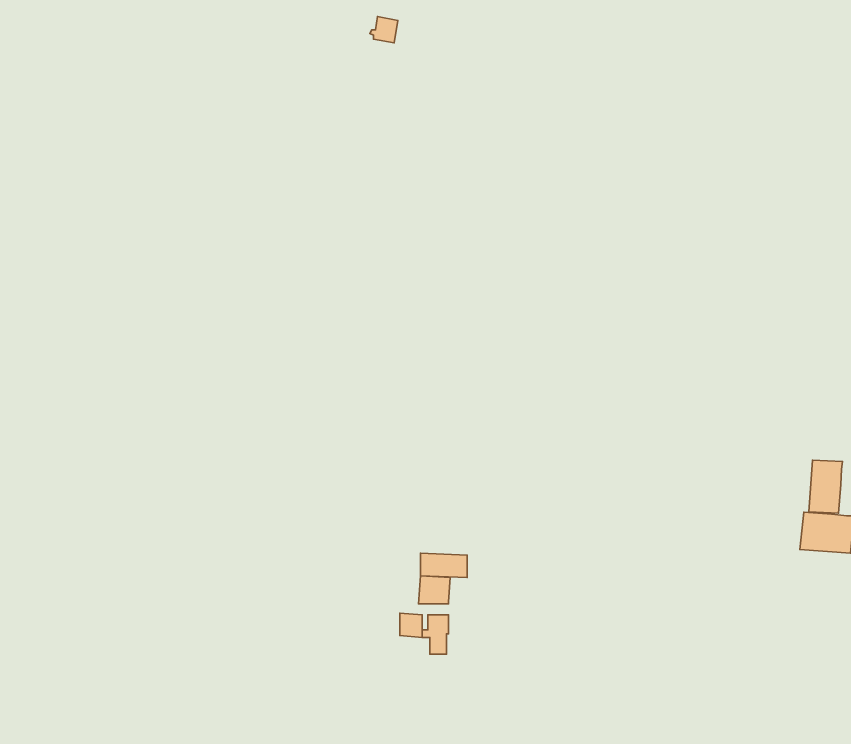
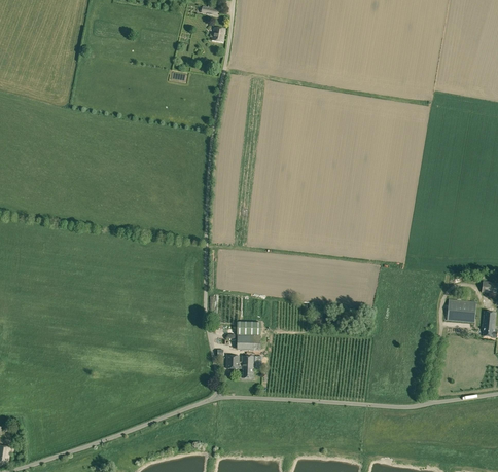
building: [809,460,842,513] -> none

